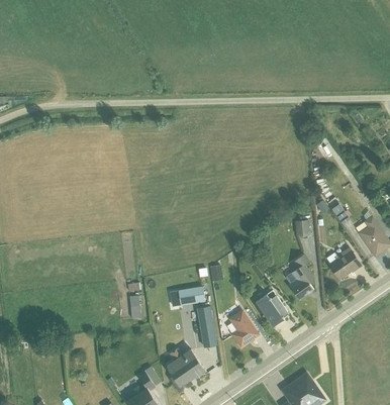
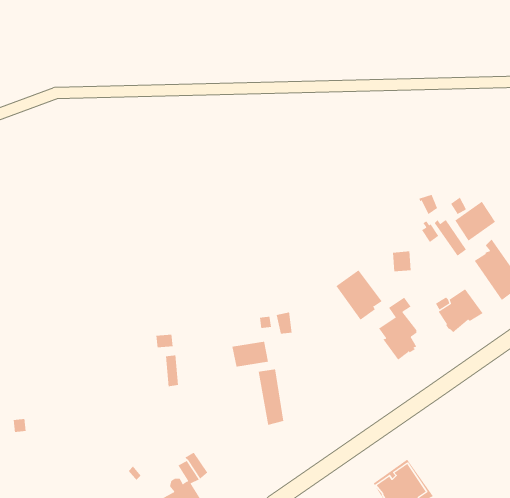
building: none -> [454,201,496,242]
building: [255,290,289,327] -> [335,269,382,321]
building: [226,309,259,347] -> none
building: [167,347,206,393] -> none

